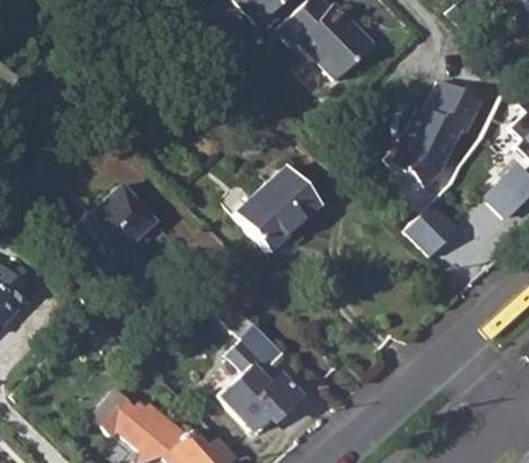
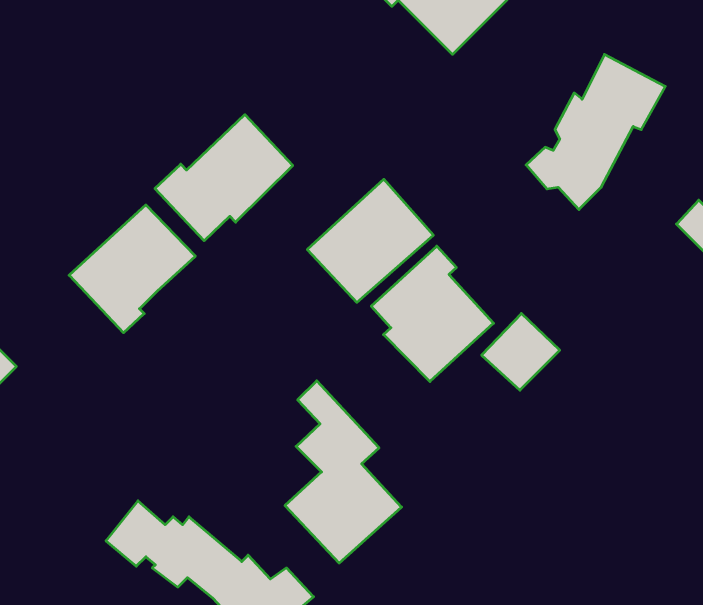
building: none -> [155,115,293,241]
building: [404,204,458,258] -> [482,313,560,390]
building: none -> [371,246,494,382]

